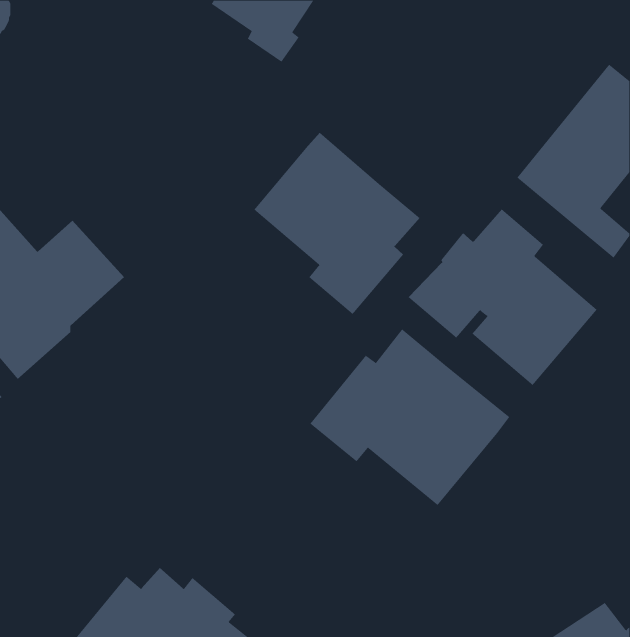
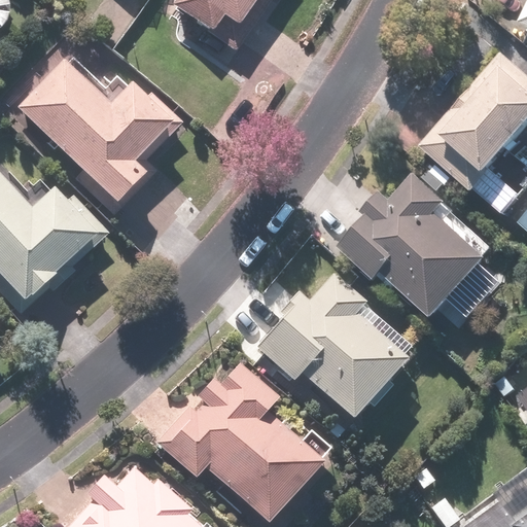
building: none -> [14,58,176,217]
building: [253,132,421,315] -> none
building: none -> [153,362,330,521]

